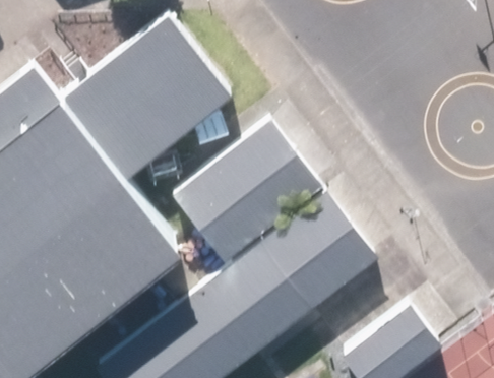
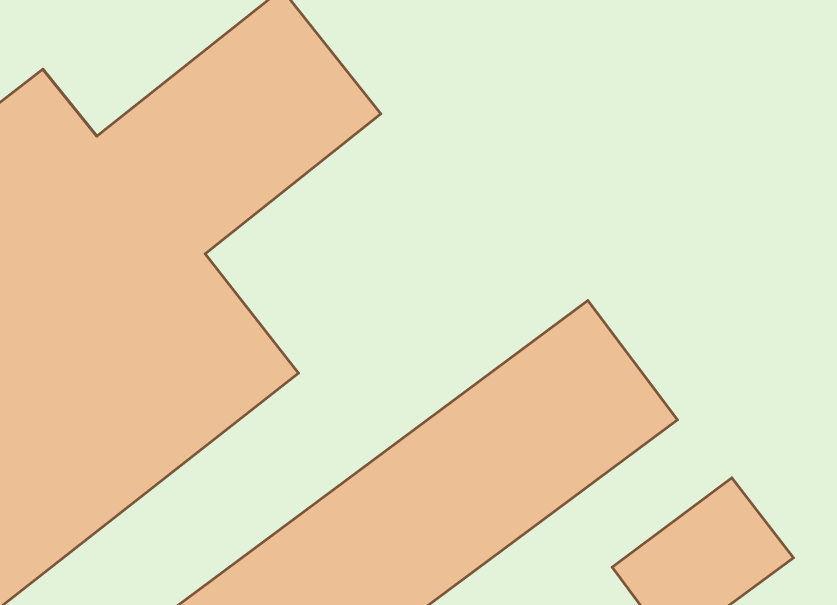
building: [173,117,322,259] -> none

